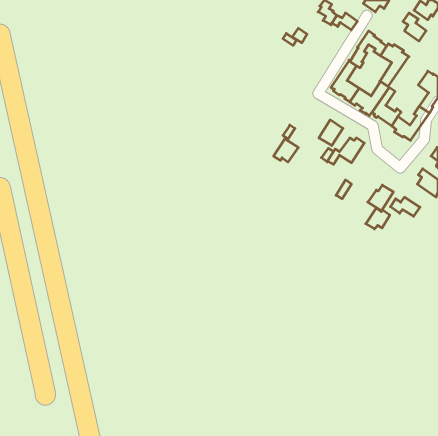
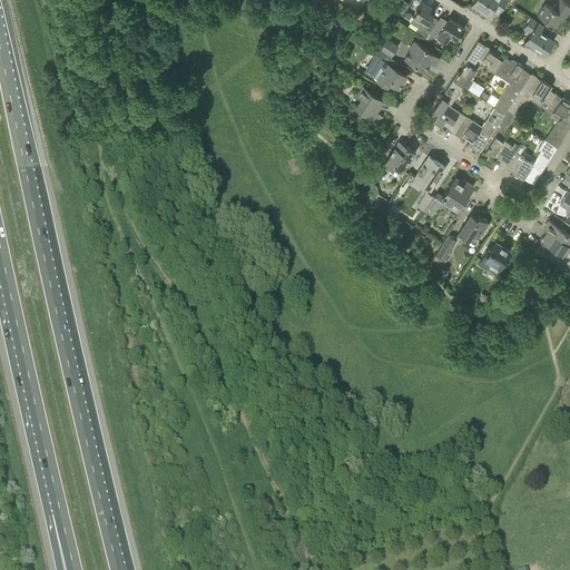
building: none -> [404,42,440,72]
building: none -> [376,62,407,89]
building: none -> [504,75,556,121]
building: none -> [356,88,389,120]
building: [274,139,298,162] -> [384,142,416,173]
building: [390,197,420,216] -> none
building: [366,208,390,229] -> [458,215,489,242]

